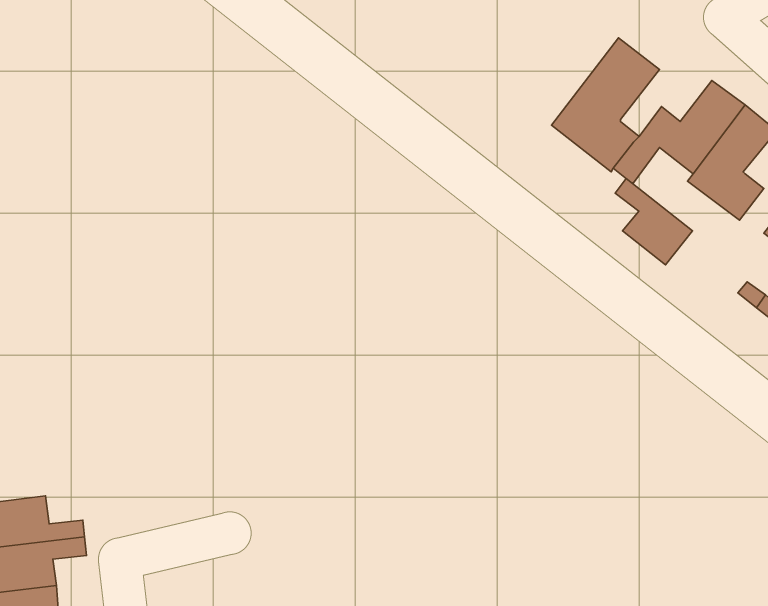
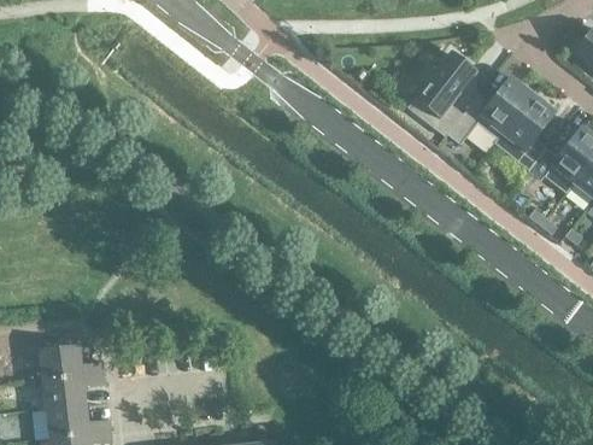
building: [615,179,693,265] -> none

